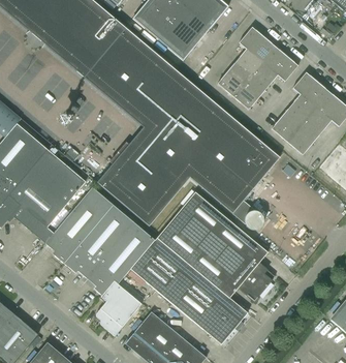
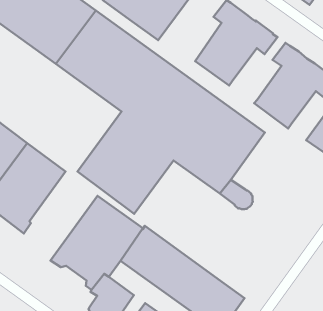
building: [45,187,114,265] -> none
building: [157,192,275,301] -> none

